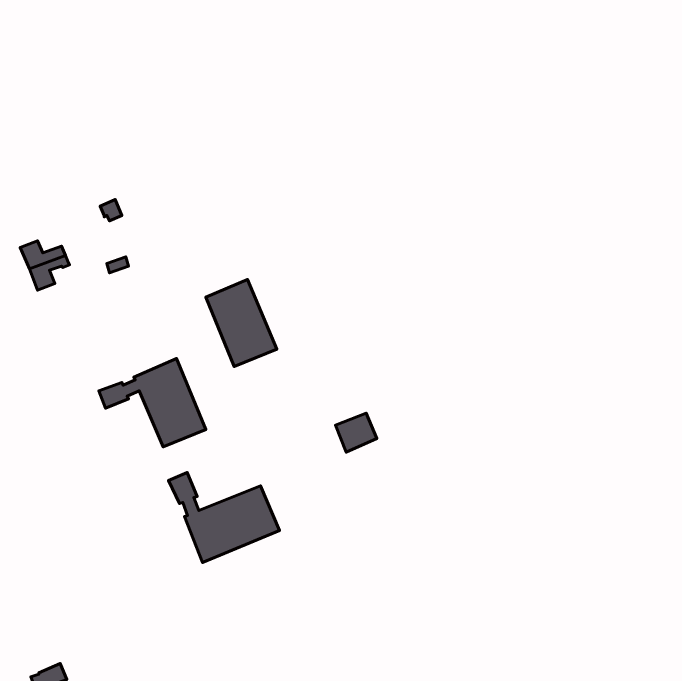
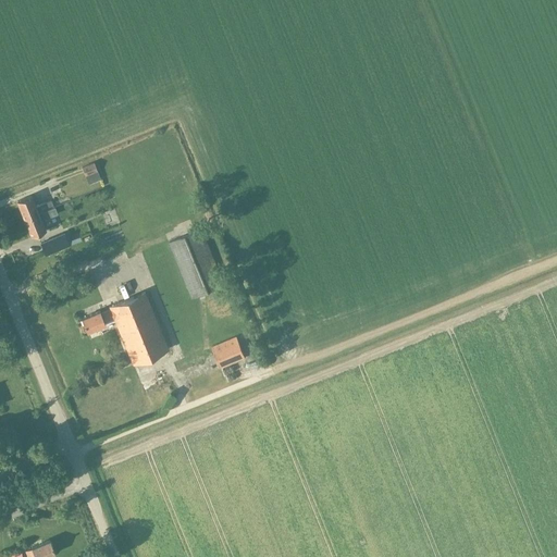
building: [335,413,377,452] -> [212,338,246,370]
building: [169,472,280,562] -> none

